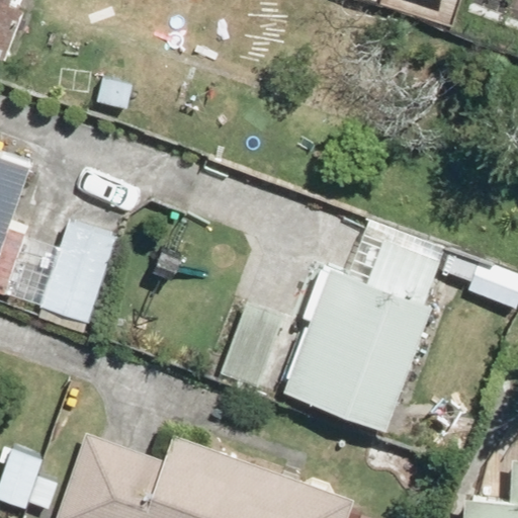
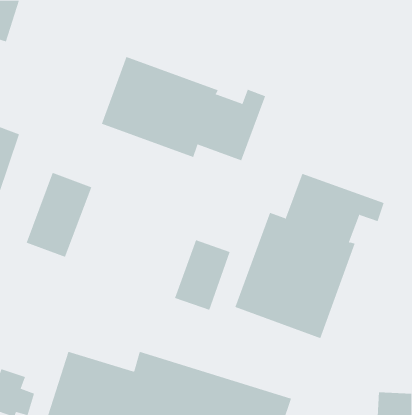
building: none -> [101,56,266,161]

